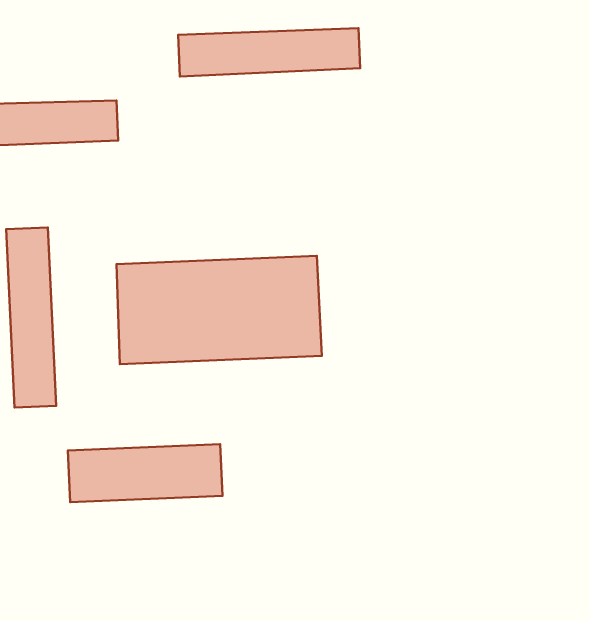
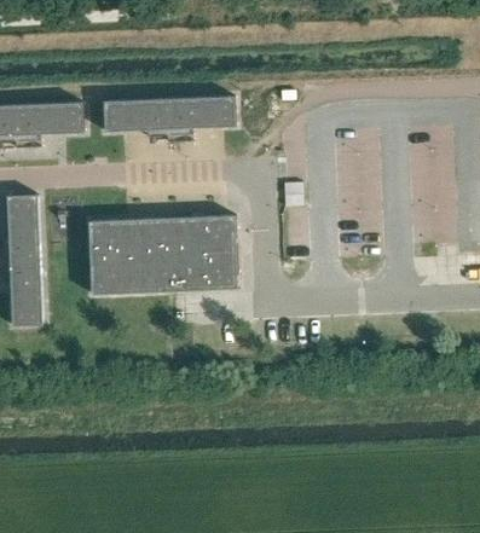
building: [178,28,360,76] -> [109,97,241,132]
building: [68,444,223,502] -> none

